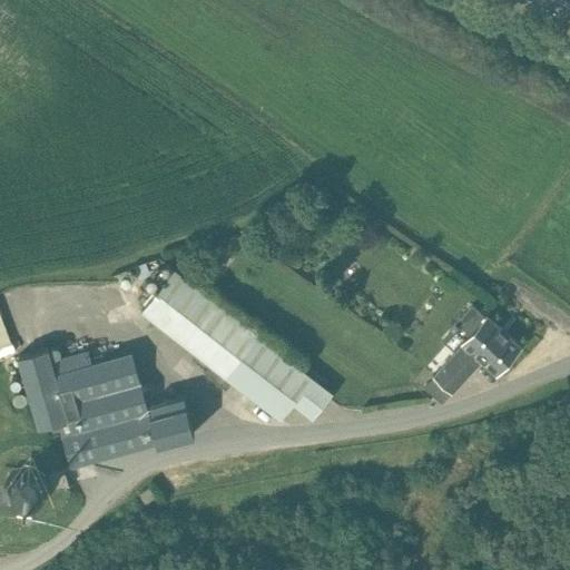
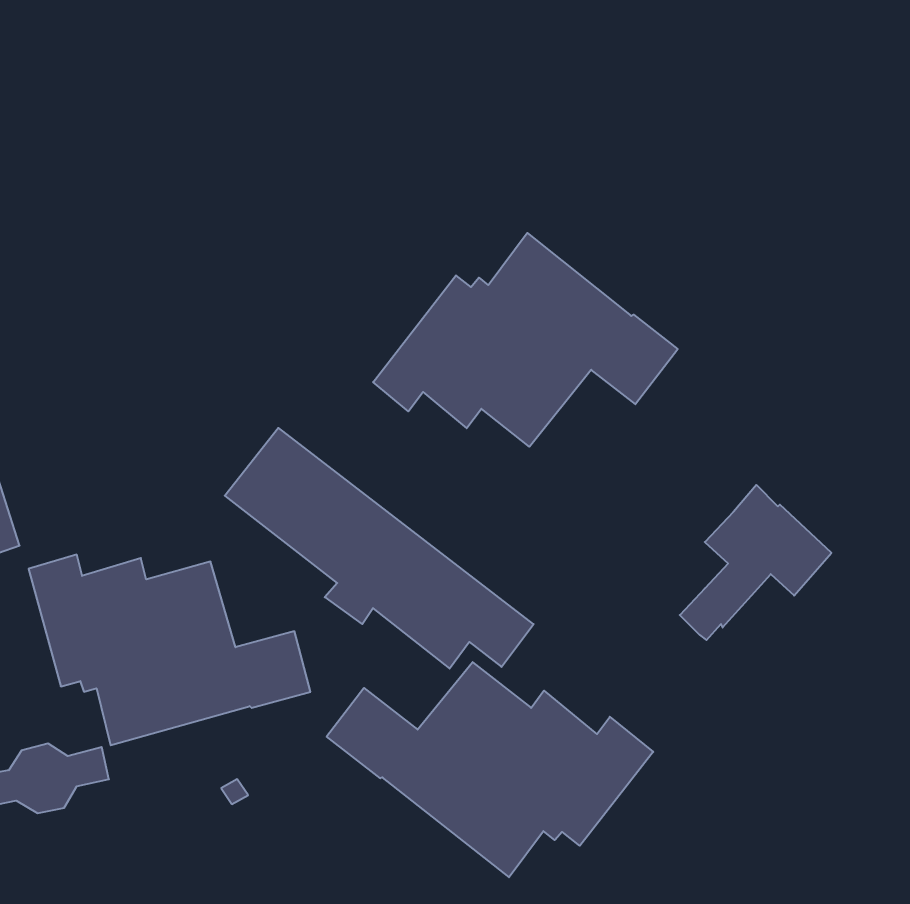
building: none -> [373,233,678,447]
building: none -> [327,662,653,877]

